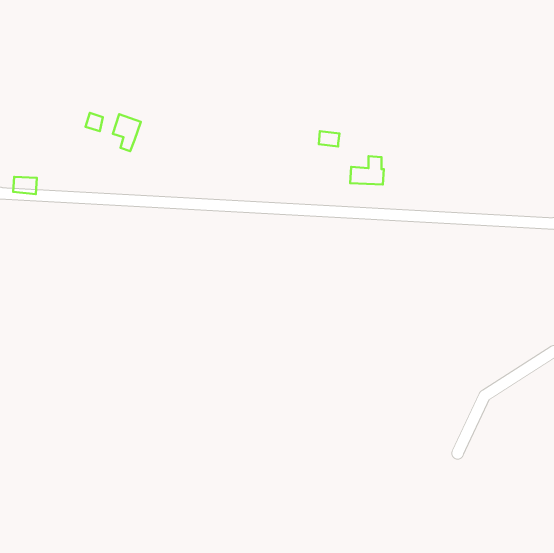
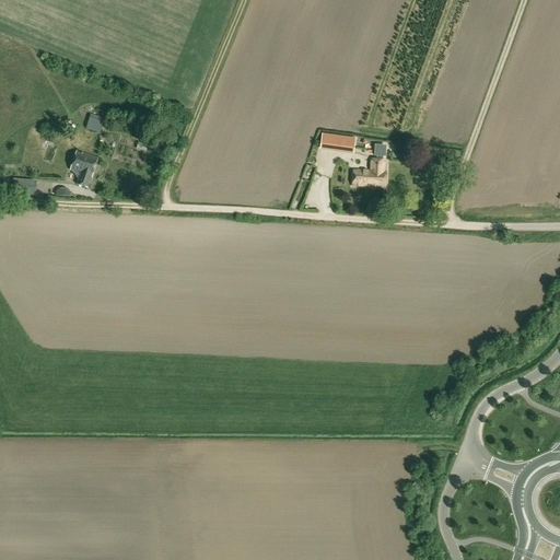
building: [113,114,141,151] -> [70,150,98,187]

